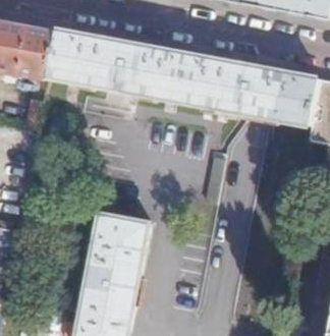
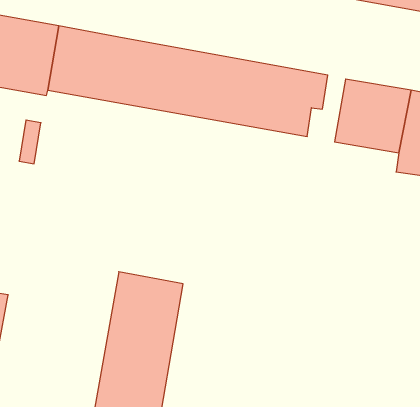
building: [240,65,269,115] -> none

